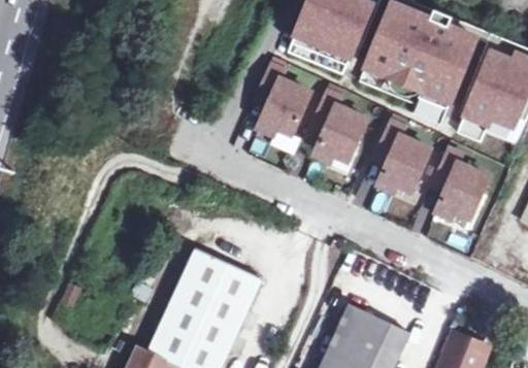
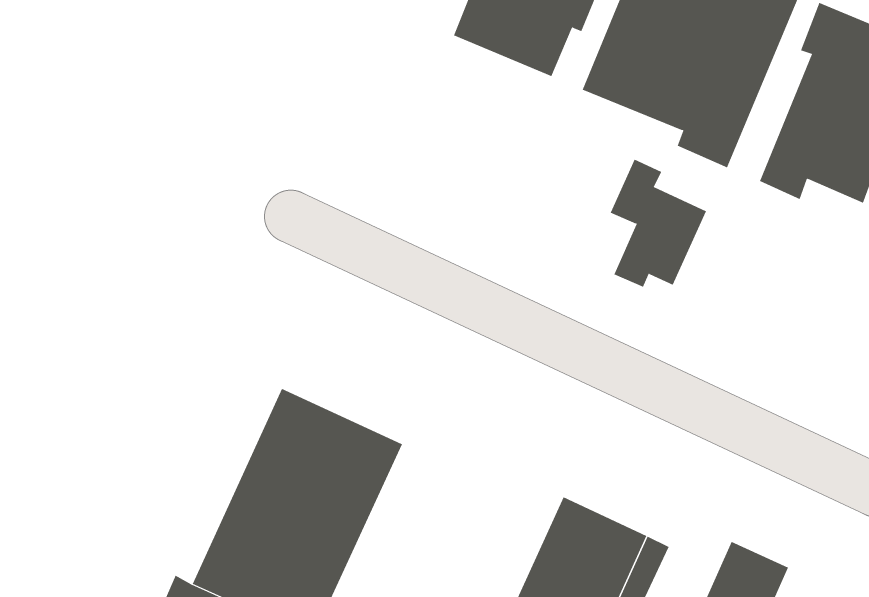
building: [257,64,310,135] -> none
building: [311,92,366,162] -> none
building: [434,149,488,220] -> none

